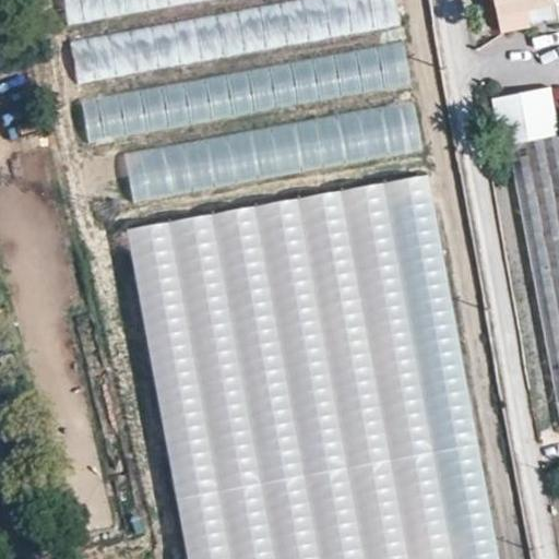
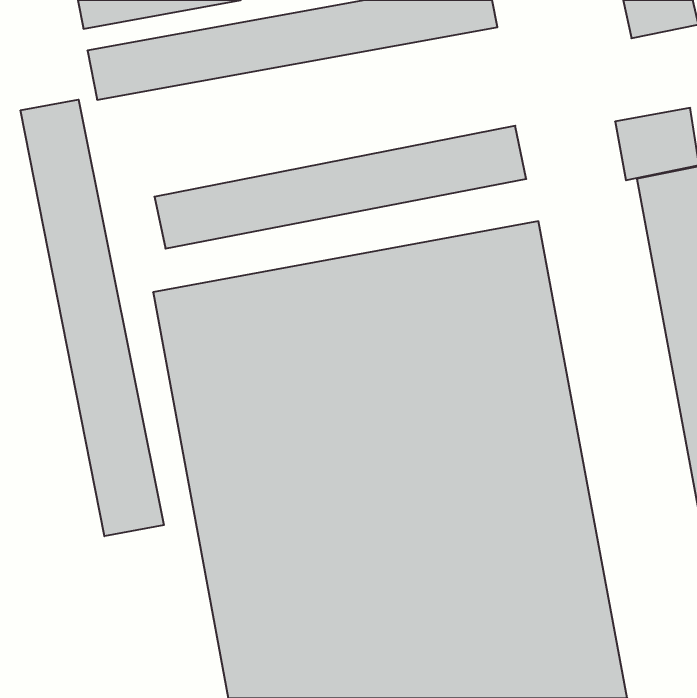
building: [81,40,413,140] -> none
building: none -> [21,100,164,536]

